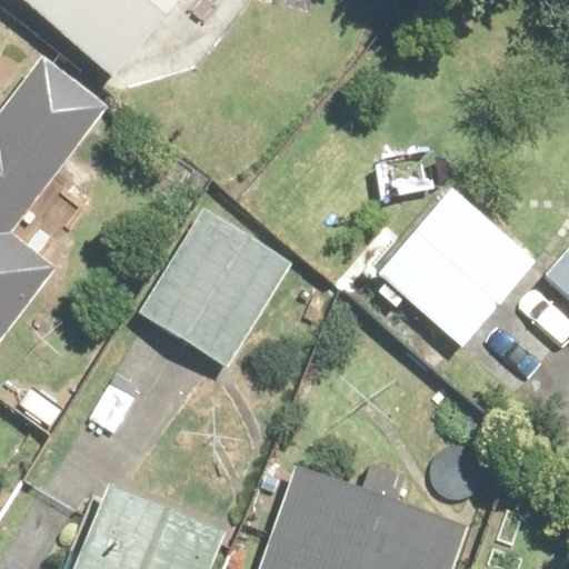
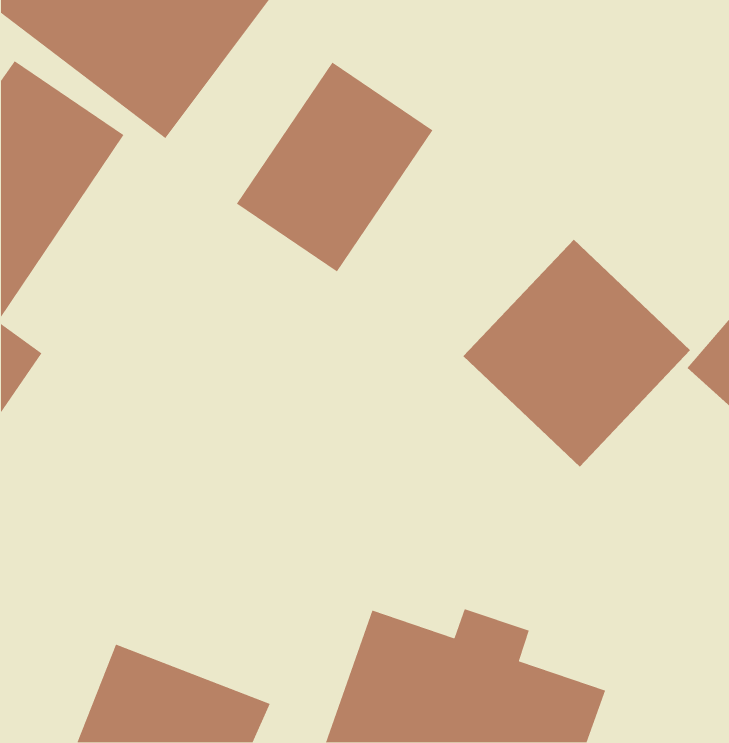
building: none -> [236,61,434,273]
building: [131,207,302,379] -> none

